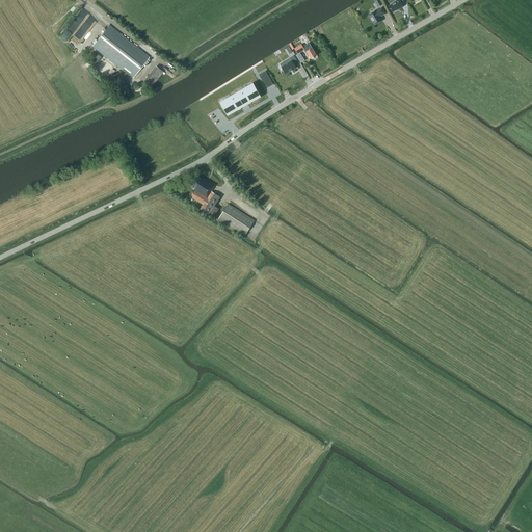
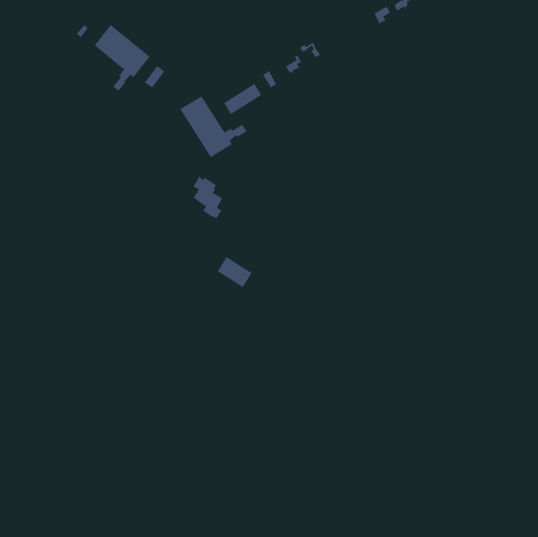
building: none -> [180,95,247,158]
building: [219,203,255,234] -> [217,256,253,288]

